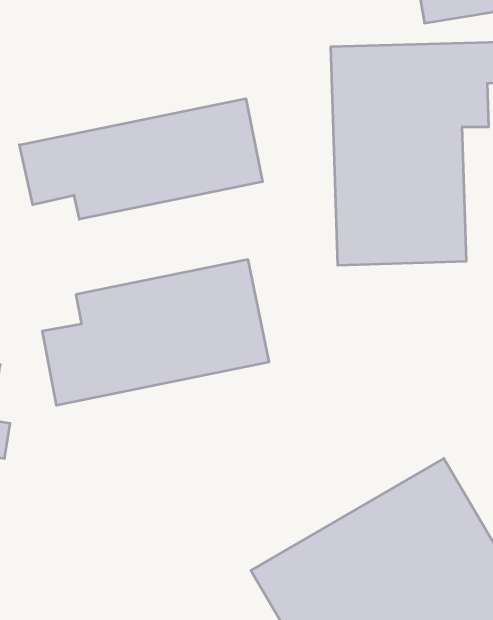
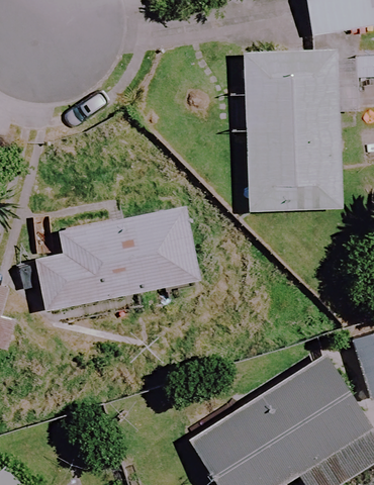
building: [19,99,263,219] -> none

